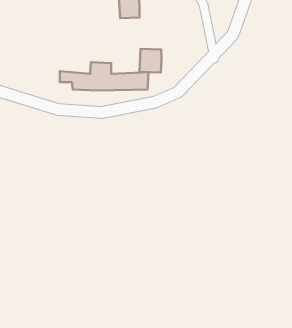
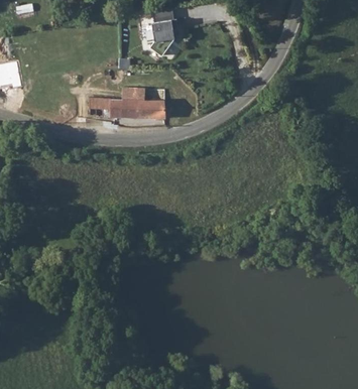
building: [139,49,161,72] -> none

